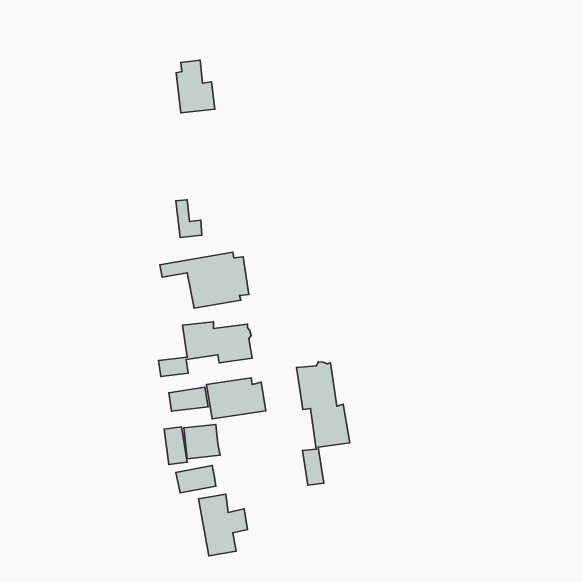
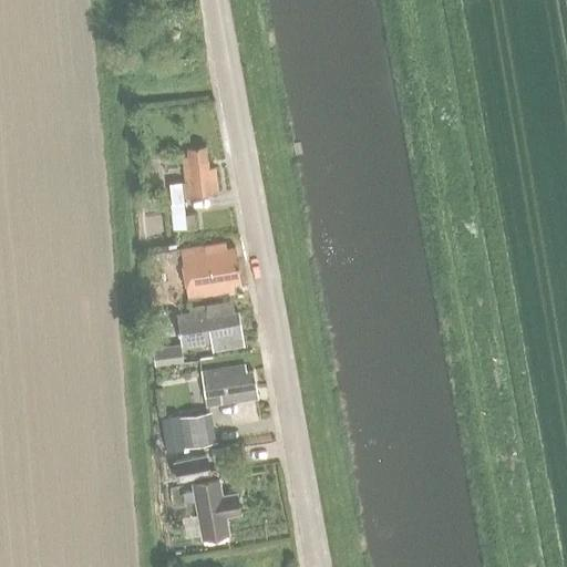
building: [176,60,215,113] -> [182,146,219,197]
building: [297,362,350,485] -> none
building: [169,387,208,411] -> none

